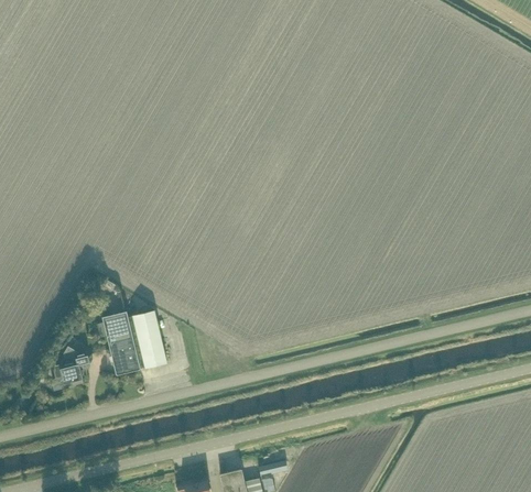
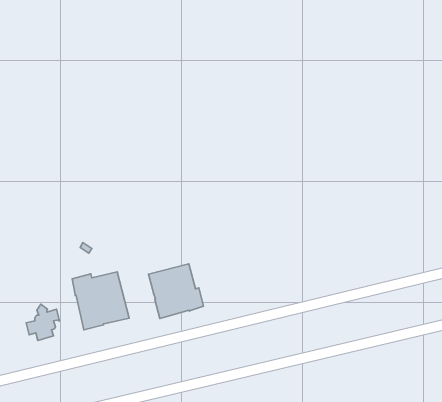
building: none -> [149,264,204,319]

